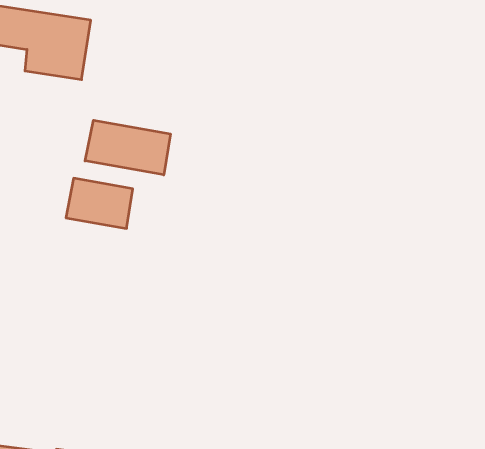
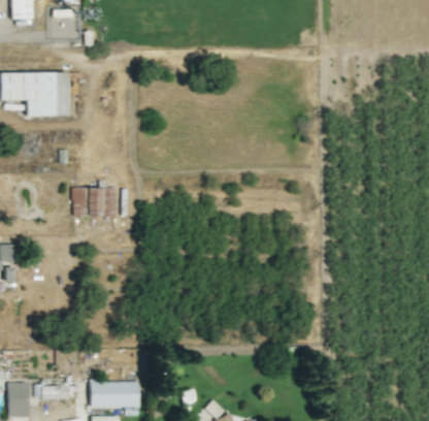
building: [85,120,170,175] -> none

